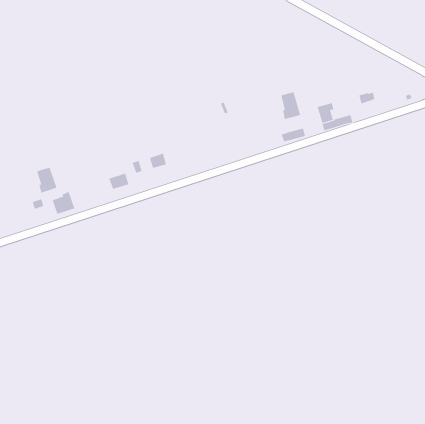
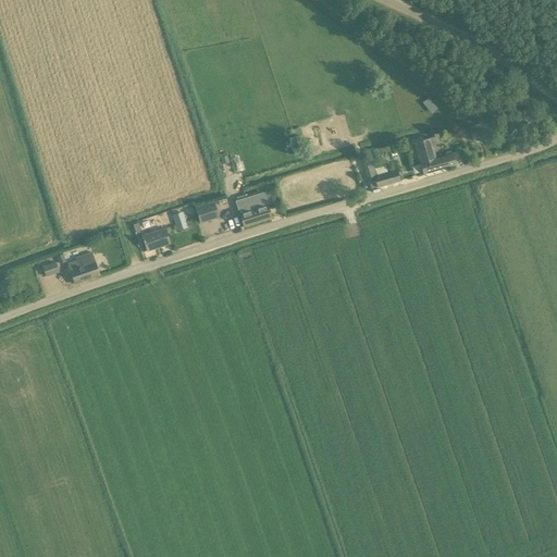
building: [281,91,301,120] -> none
building: none -> [235,189,270,223]
building: [37,167,57,194] -> none

